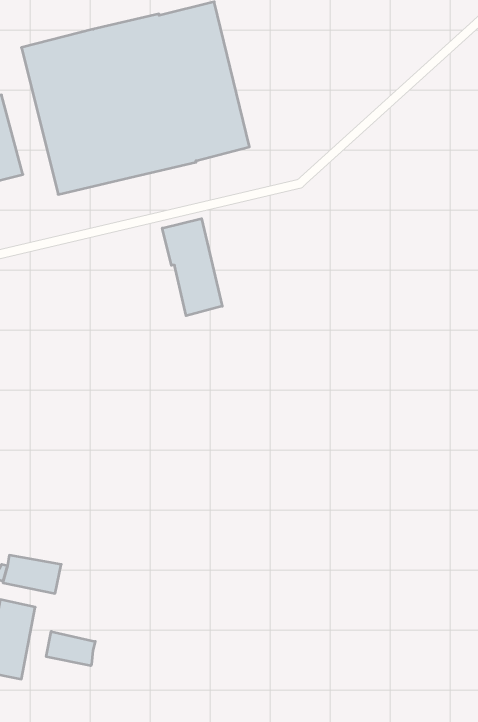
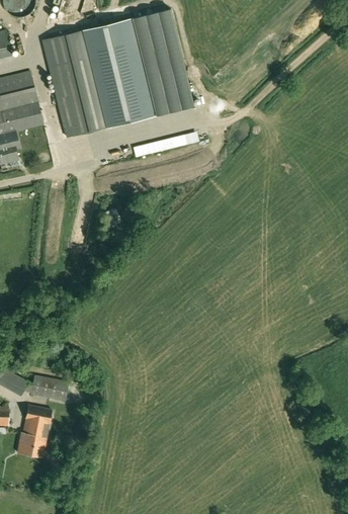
building: [162,219,222,316] -> none
building: [46,631,95,666] -> none

